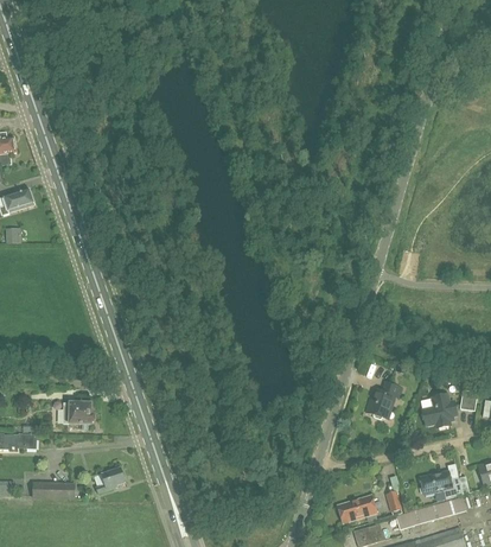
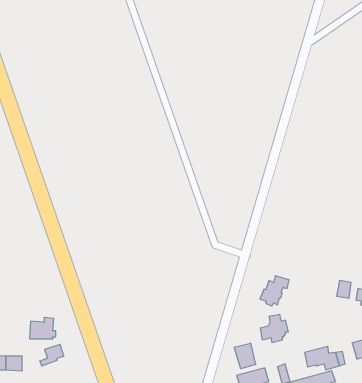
building: [421,394,455,428] -> [260,314,288,343]
building: [62,397,94,424] -> [30,317,56,339]
building: none -> [234,343,256,369]

